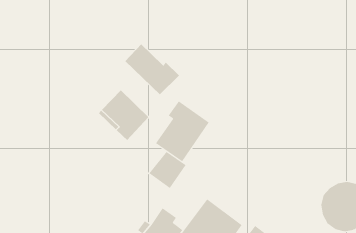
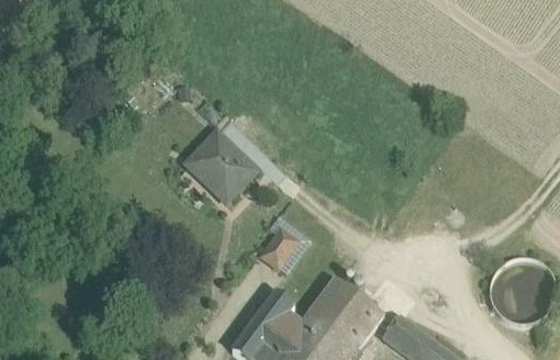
building: [124,44,180,95] -> none
building: [155,100,209,162] -> none

